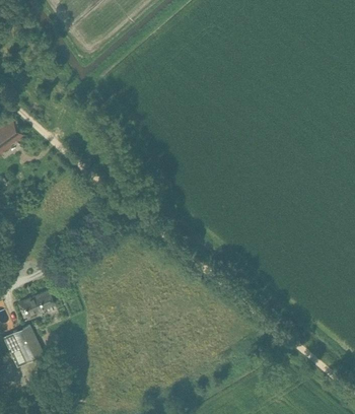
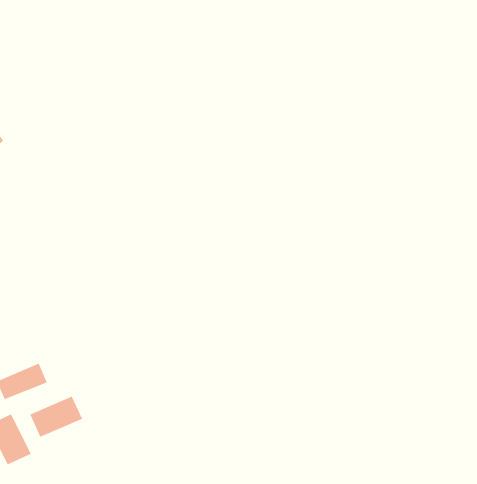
building: none -> [29,396,83,438]

